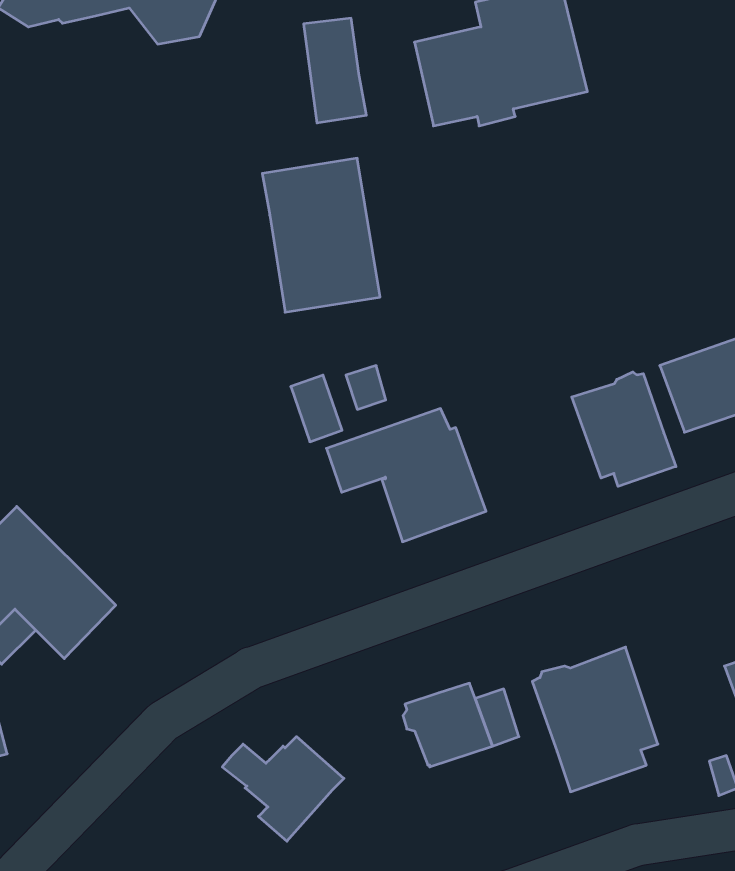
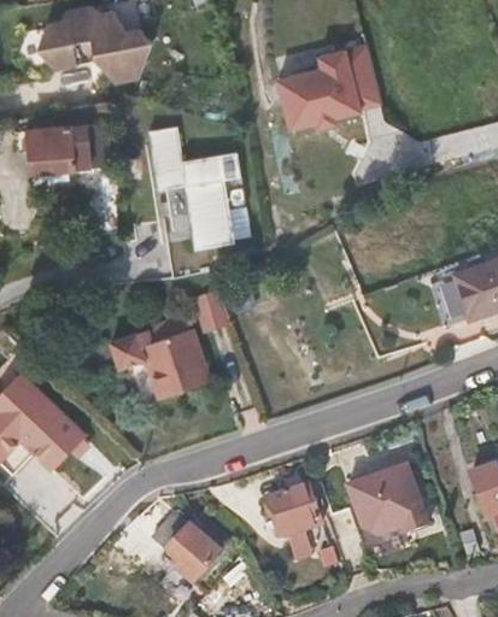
building: [304,18,366,123] -> [141,127,181,193]
building: none -> [29,124,107,171]
building: [572,372,676,486] -> none
building: [326,409,486,542] -> [110,316,211,400]

